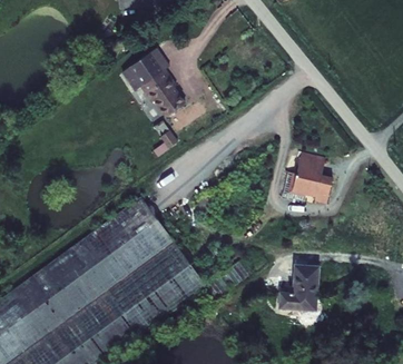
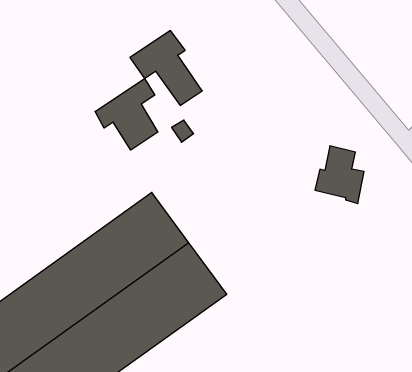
building: none -> [95,78,158,150]
building: [277,264,320,312] -> none

